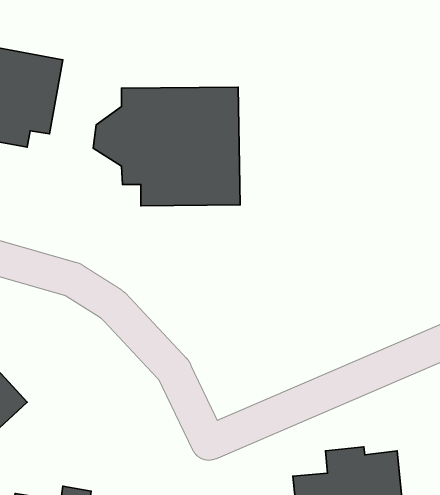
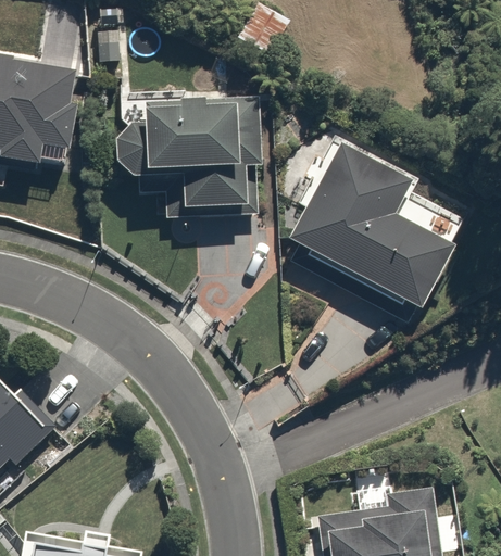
building: none -> [284,141,450,331]

